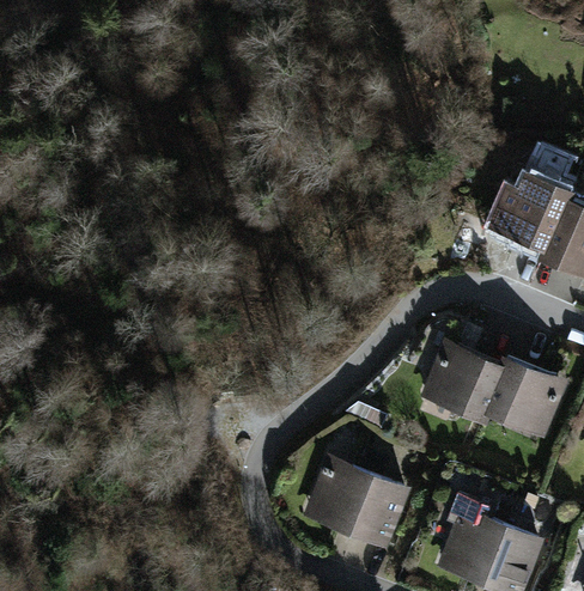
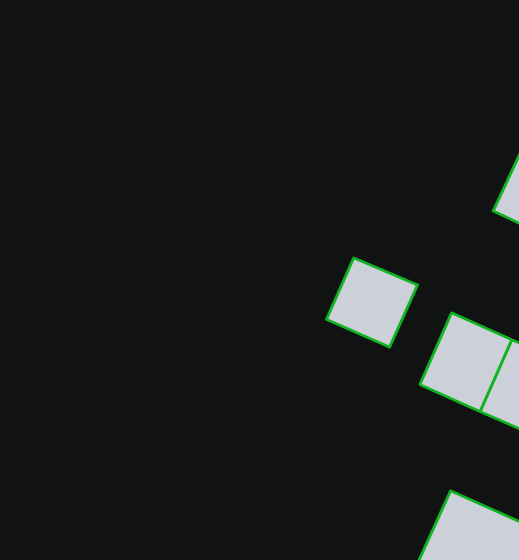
building: none -> [327,258,418,347]
building: [309,457,409,552] -> none

